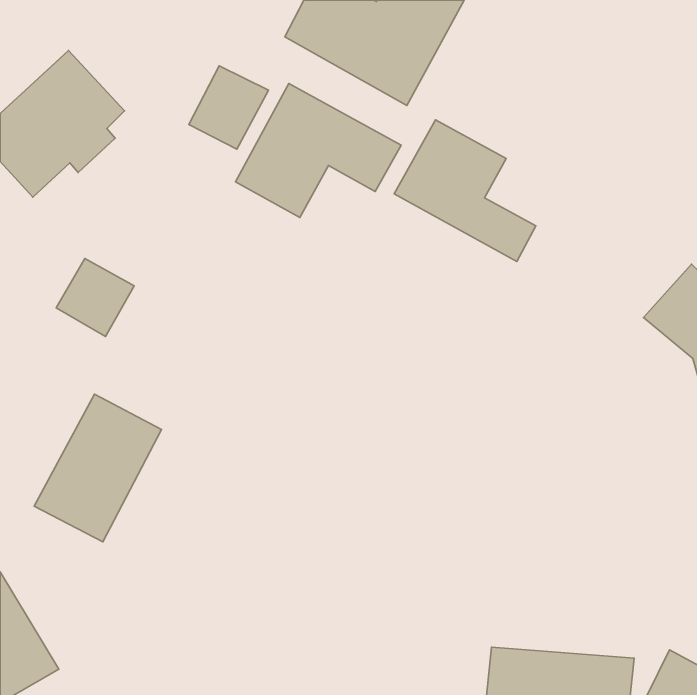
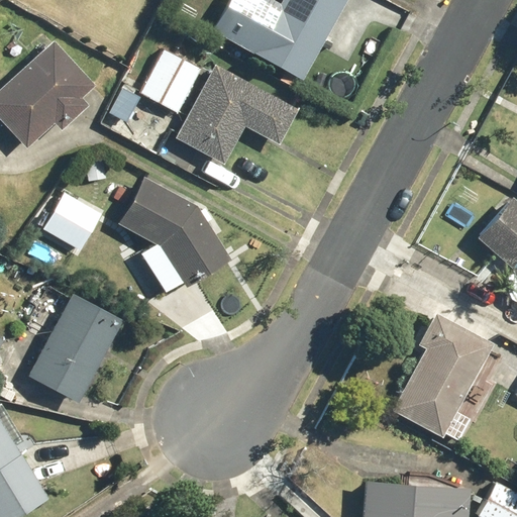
building: [394,120,536,261] -> none
building: none -> [117,178,230,288]
building: none -> [392,313,494,441]

